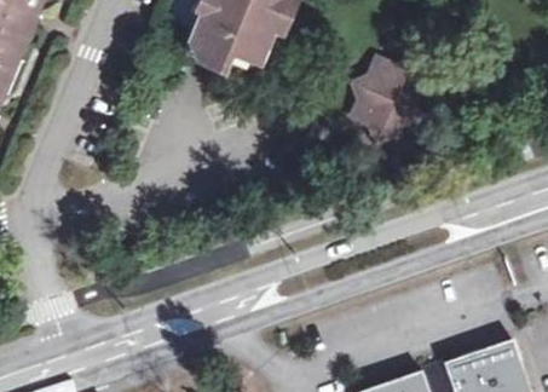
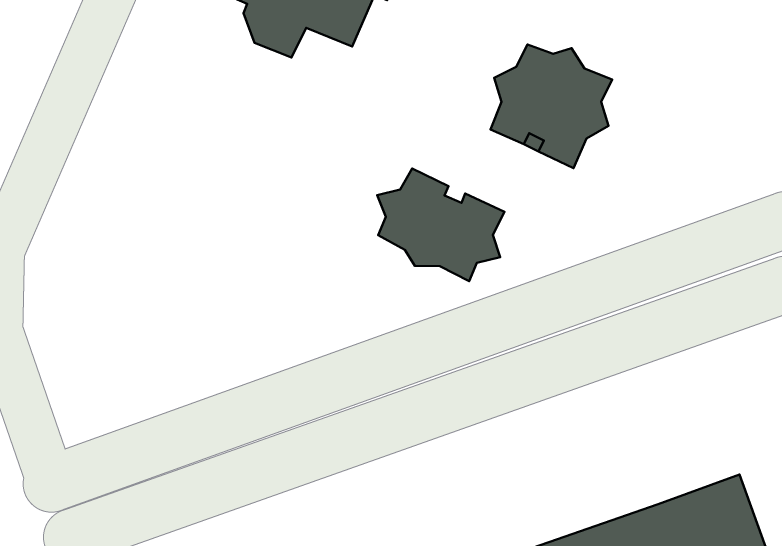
building: none -> [377,169,504,281]

